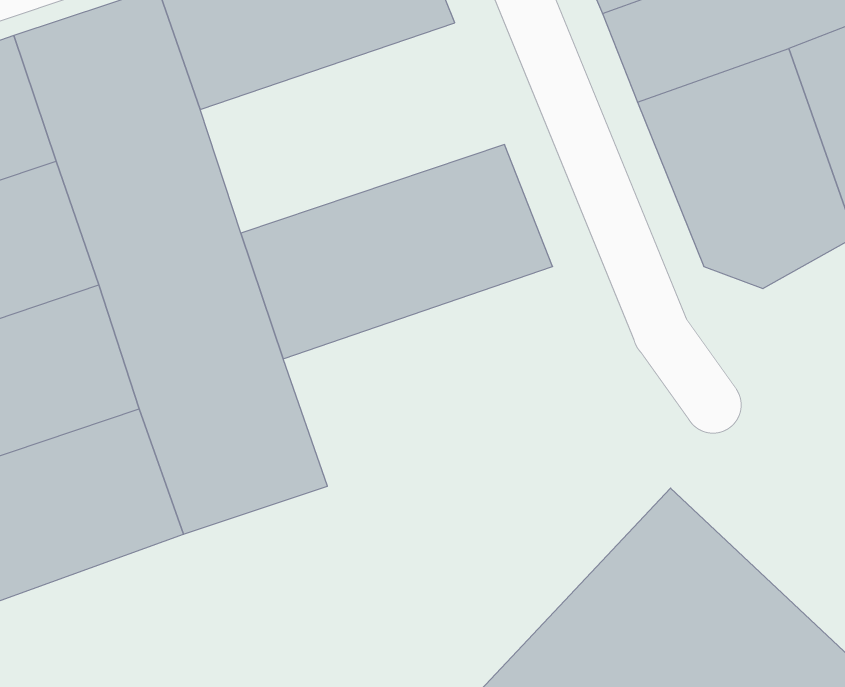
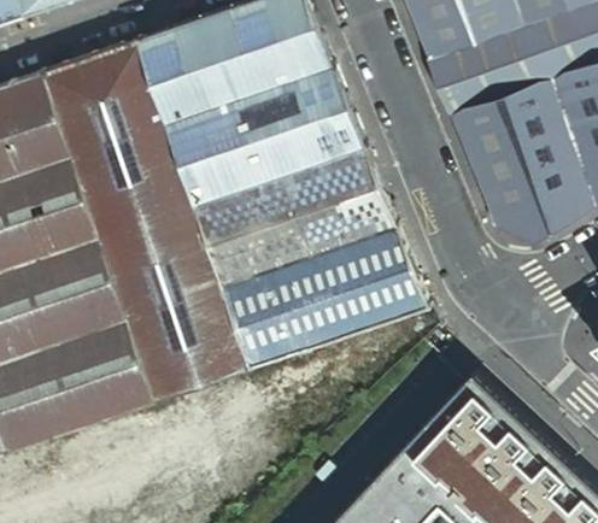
building: none -> [166,65,365,202]
building: none -> [221,224,429,368]

